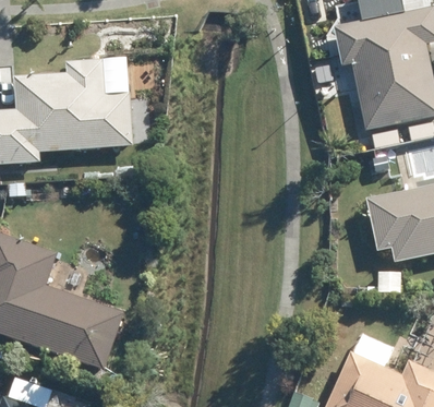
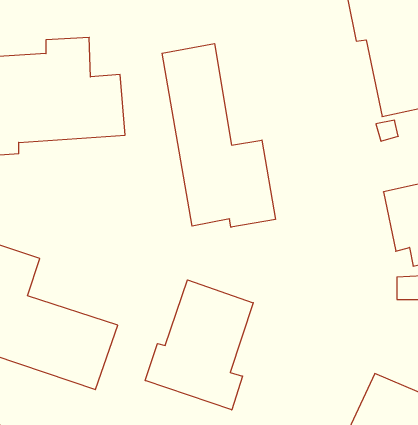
building: none -> [162,44,275,227]
building: none -> [145,280,253,410]

